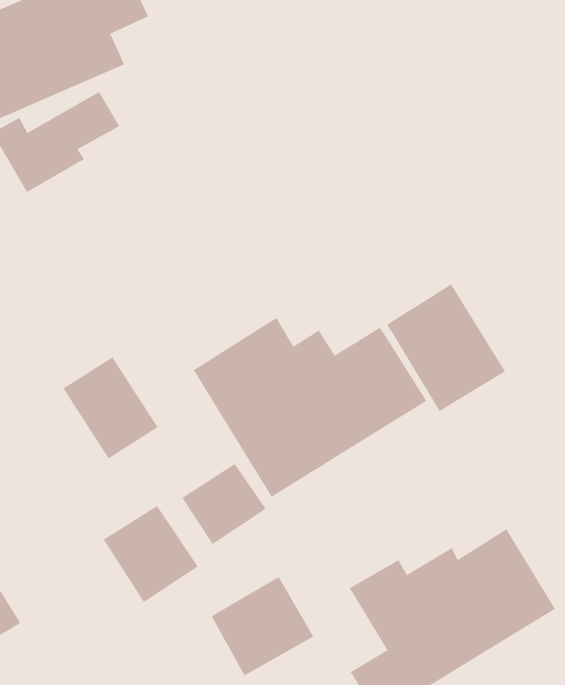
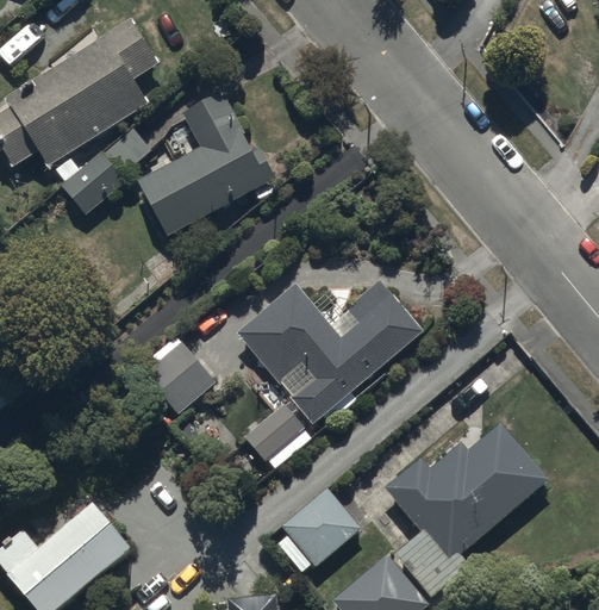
building: none -> [133,92,276,238]
building: [386,283,506,412] -> none
building: [103,505,198,603] -> none

